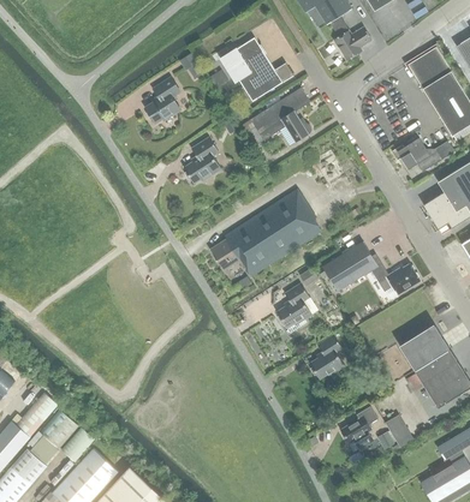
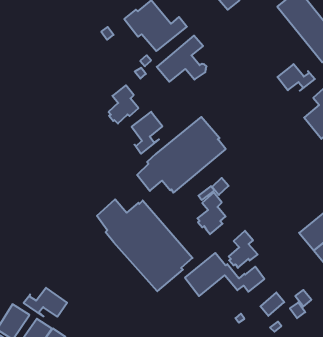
building: [145,77,180,124] -> none
building: none -> [132,112,162,154]
building: [322,241,420,294] -> [185,253,264,296]
building: none -> [97,199,193,291]
building: none -> [24,288,67,317]

